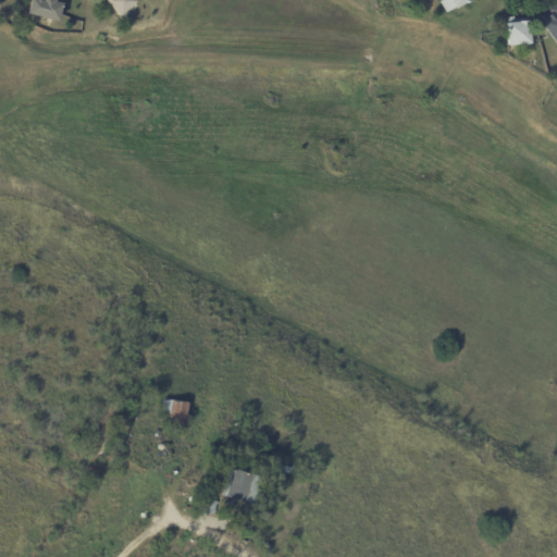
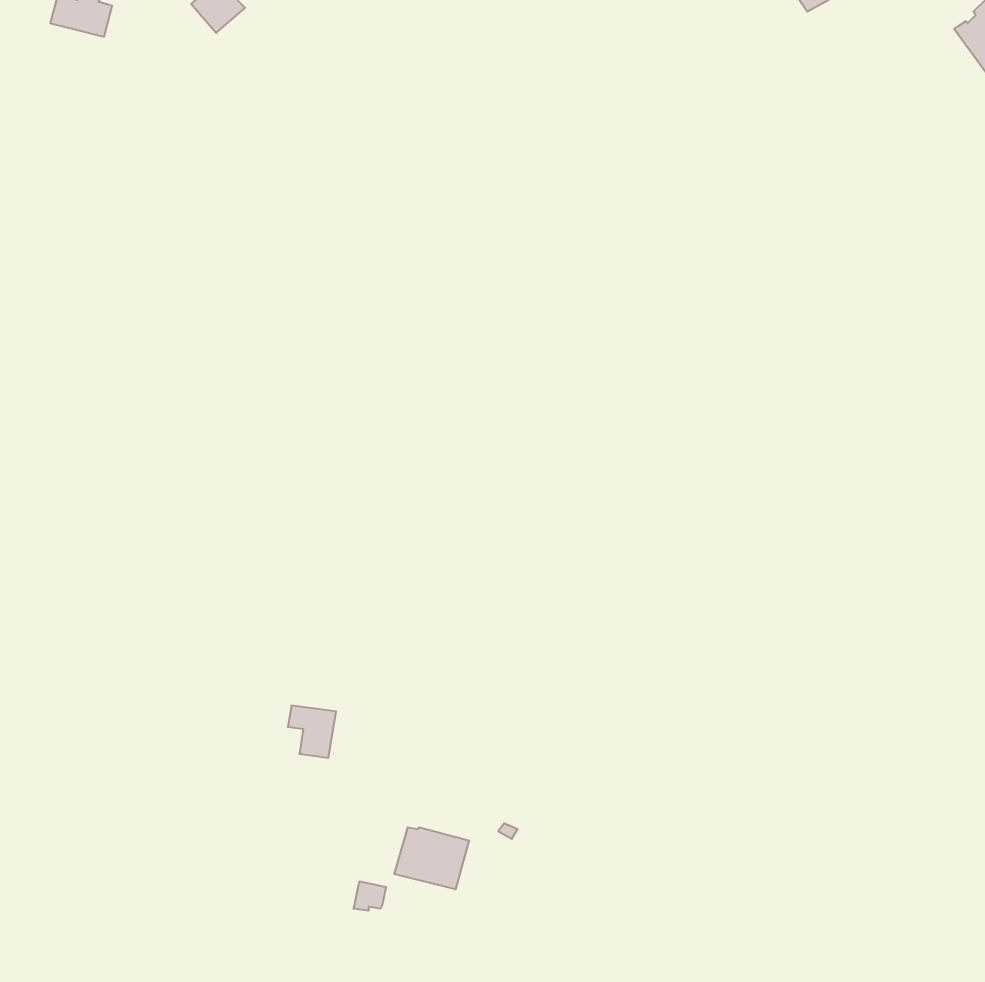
building: [506,16,533,47] -> none

